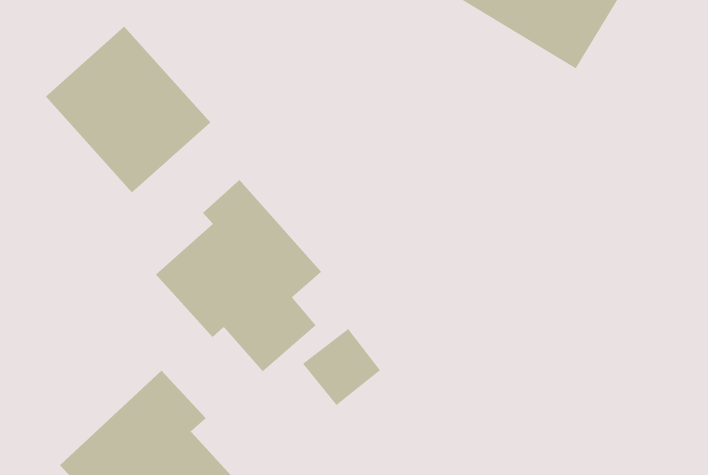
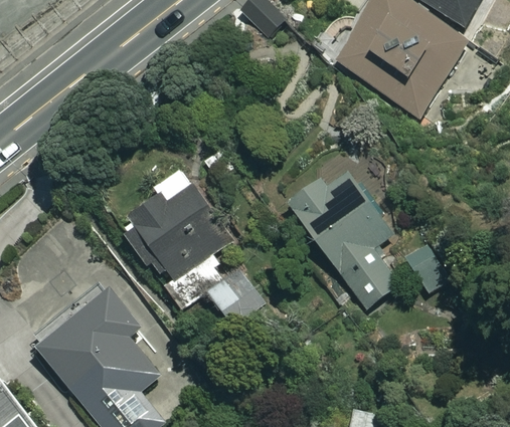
building: [45,26,211,193] -> none
building: none -> [291,172,418,307]

